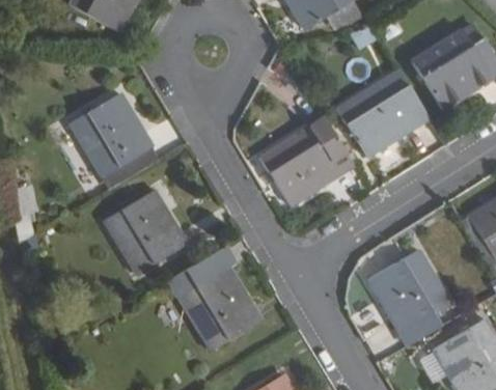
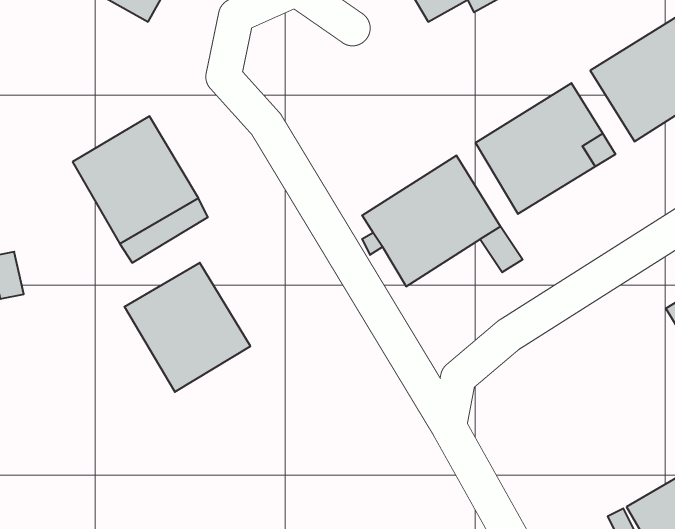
building: [167,247,257,353] -> none
building: [367,248,454,334] -> none

